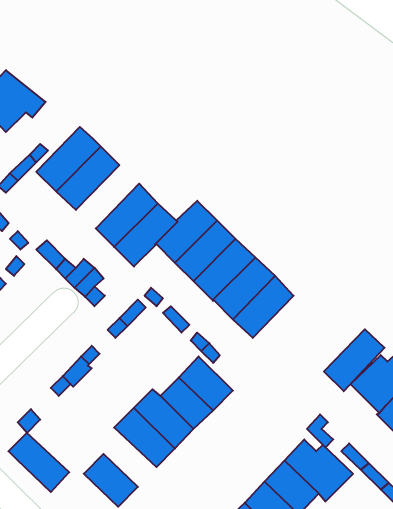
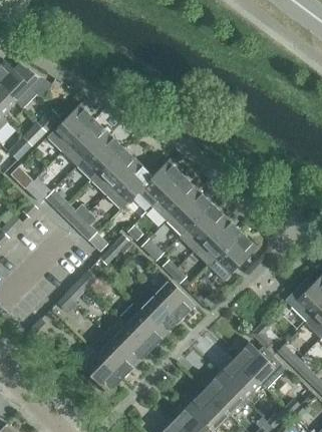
building: none -> [75,133,123,181]
building: [324,329,385,391] -> [210,233,256,280]
building: [8,433,69,492] -> [90,333,136,378]

